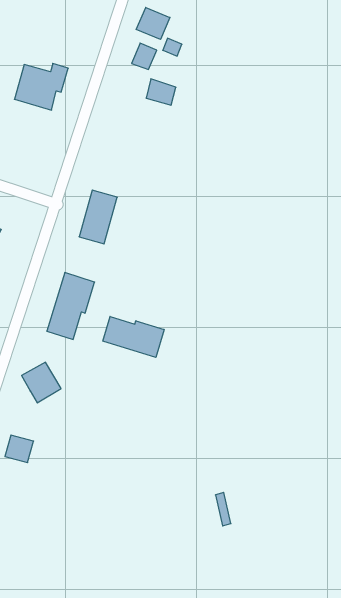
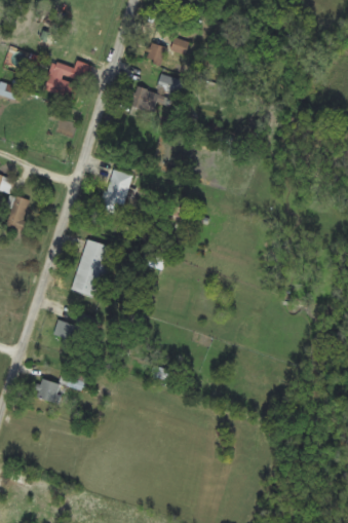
building: [136,7,170,39] -> none
building: none -> [130,86,165,113]
building: [103,316,164,357] -> none

